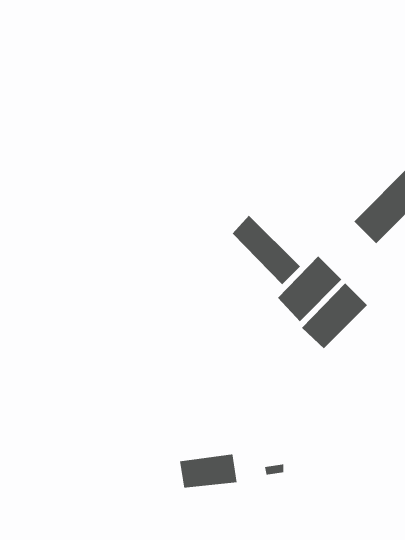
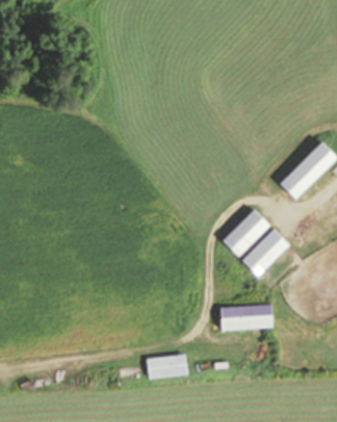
building: [232,215,301,285] -> none
building: none -> [218,302,274,332]

